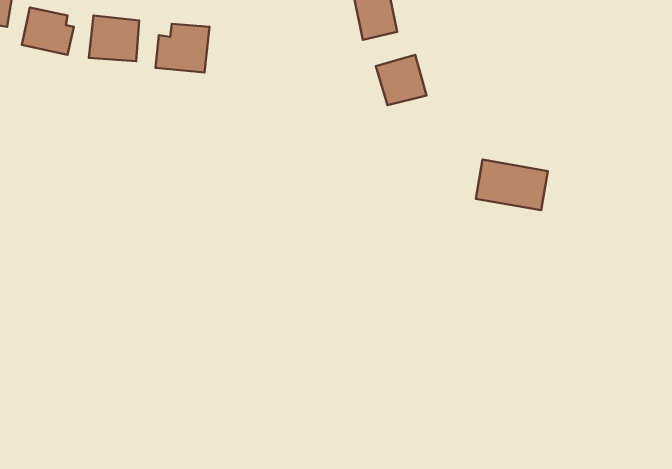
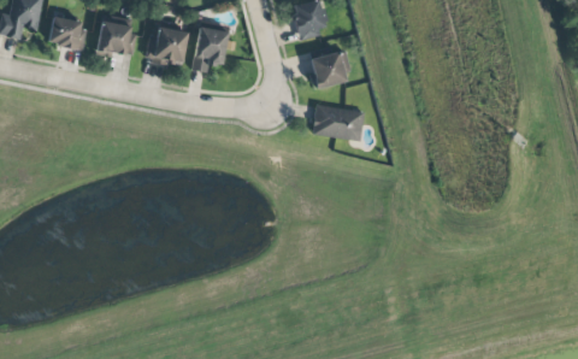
building: none -> [194,27,228,71]
building: [476,160,548,210] -> [312,104,365,141]

